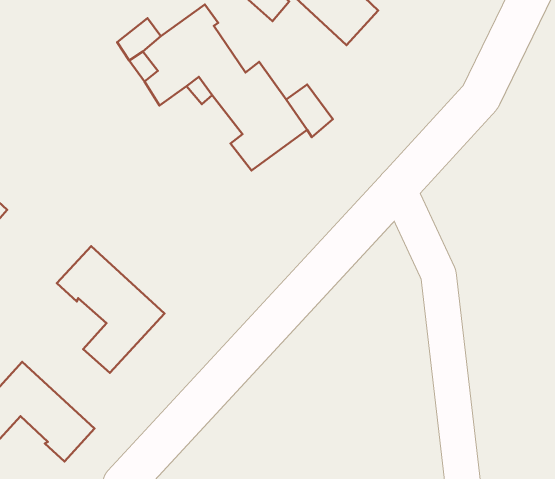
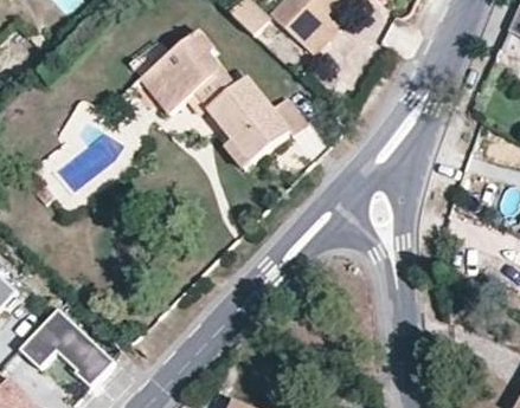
building: [57,246,164,373] -> none

